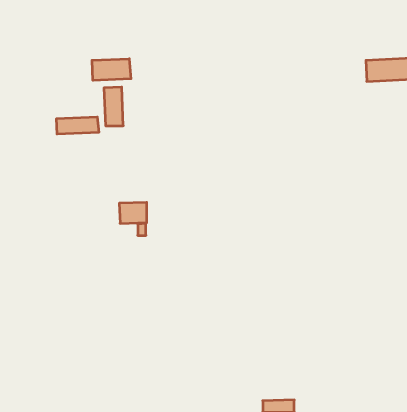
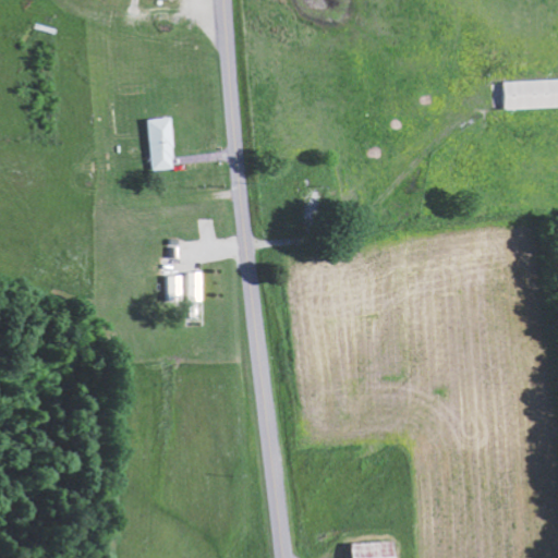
building: [92,59,131,80] -> none
building: [57,117,99,134] -> none

